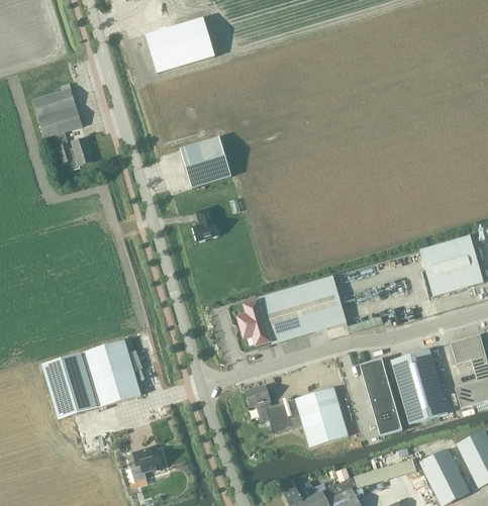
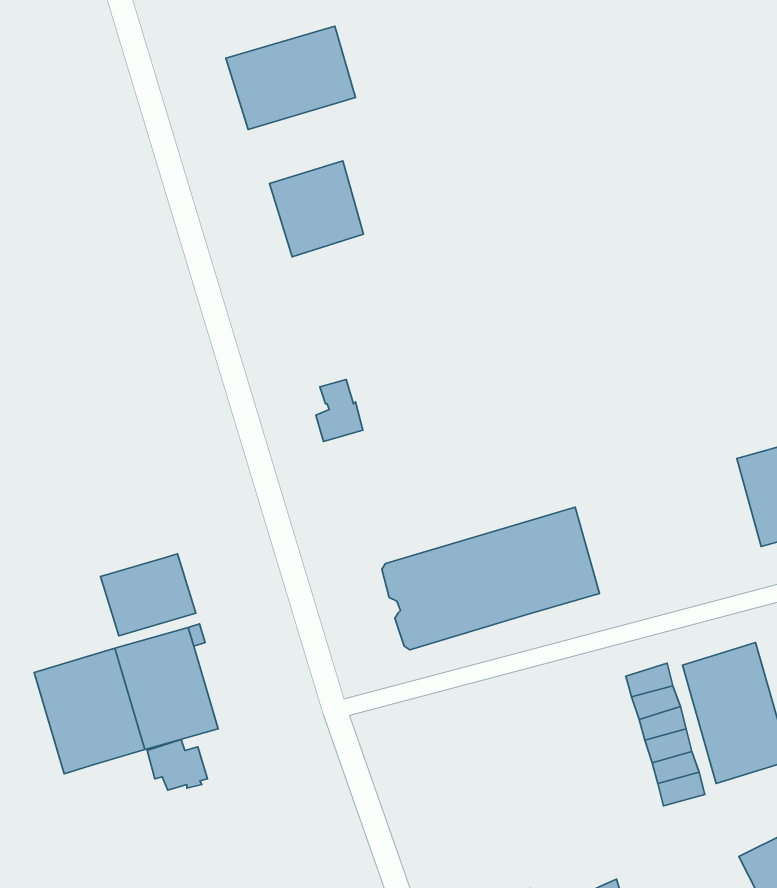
building: [31,84,93,166] -> none
building: [180,136,230,188] -> [270,161,363,257]
building: none -> [100,554,196,636]
building: [245,385,350,446] -> none
building: [131,445,164,473] -> [147,739,207,790]

